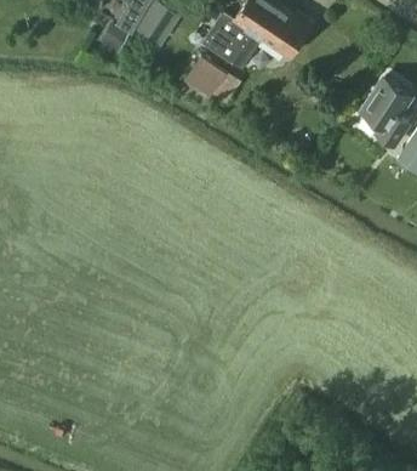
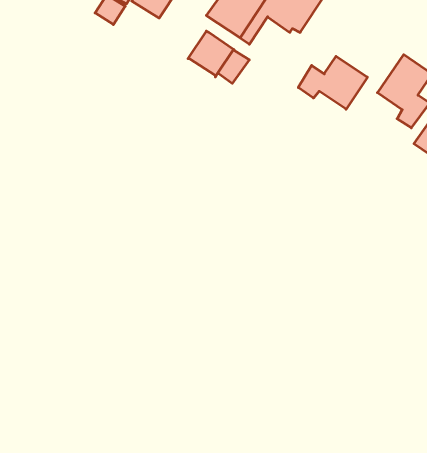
building: none -> [298,56,367,109]

